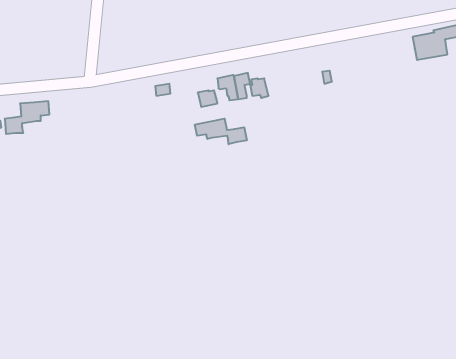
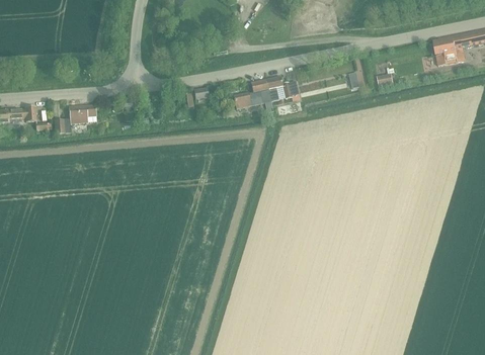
building: [195,119,247,144] -> none

